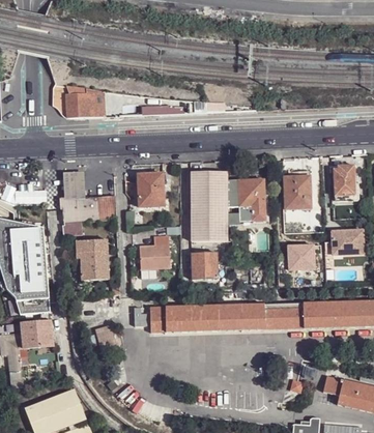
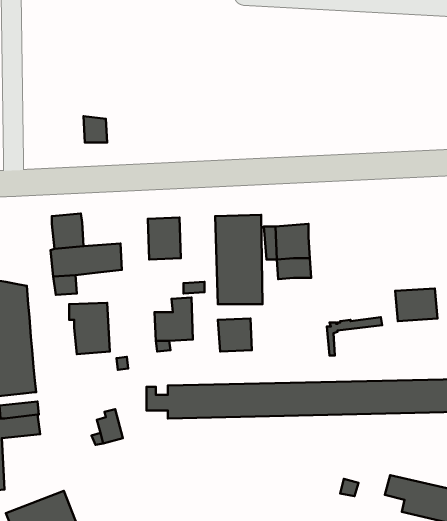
building: [67,93,88,116] -> none
building: [334,165,356,196] -> none
building: [285,176,312,208] -> none

